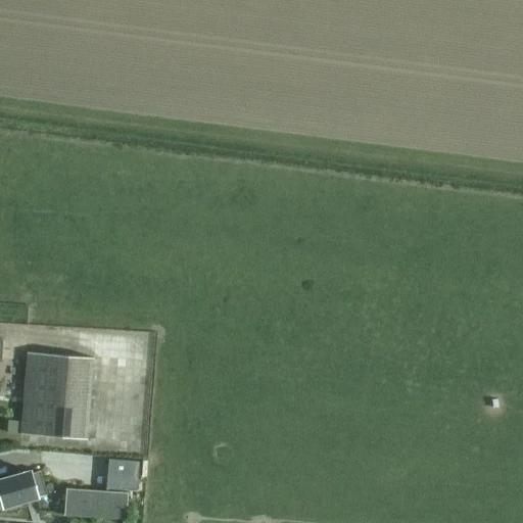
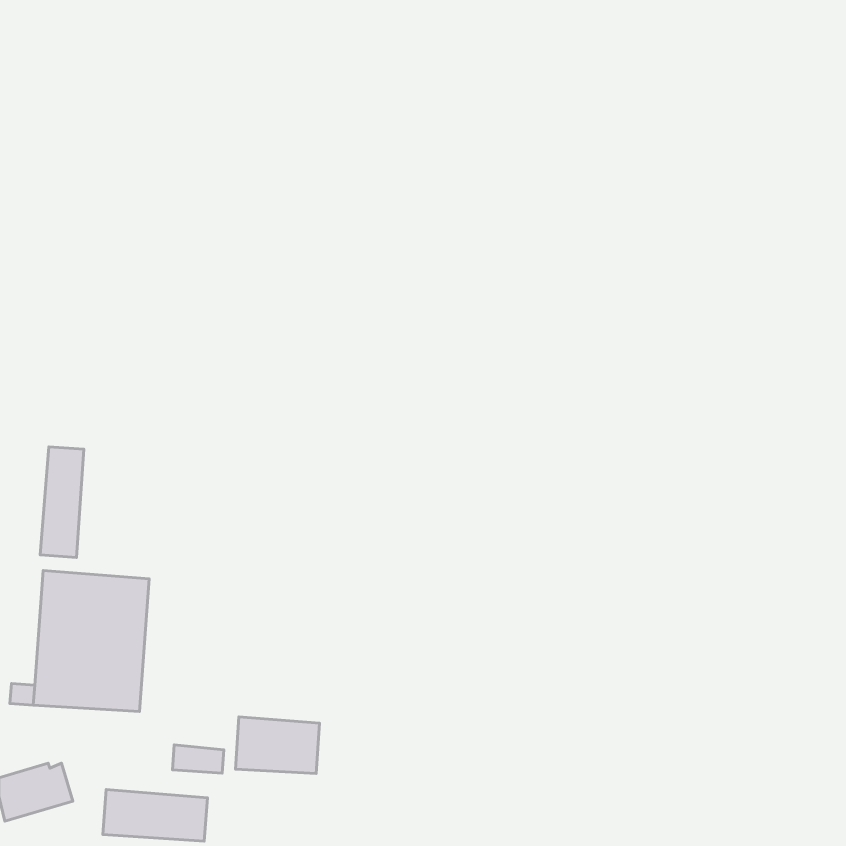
building: none -> [40,447,84,557]
building: none -> [235,717,319,774]

